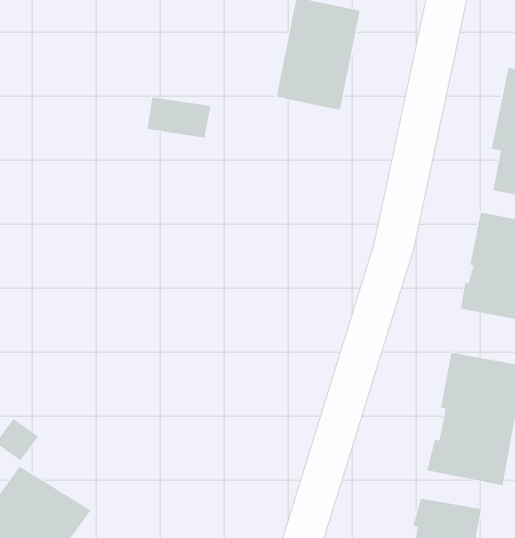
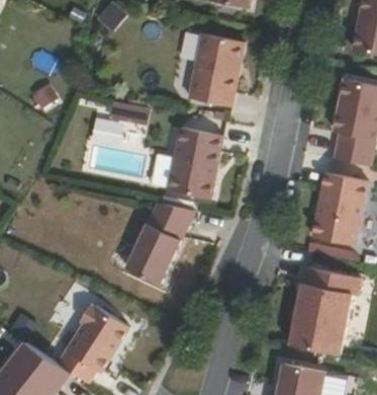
building: none -> [164,125,220,198]
building: none -> [122,201,190,283]
building: none -> [65,303,125,371]

